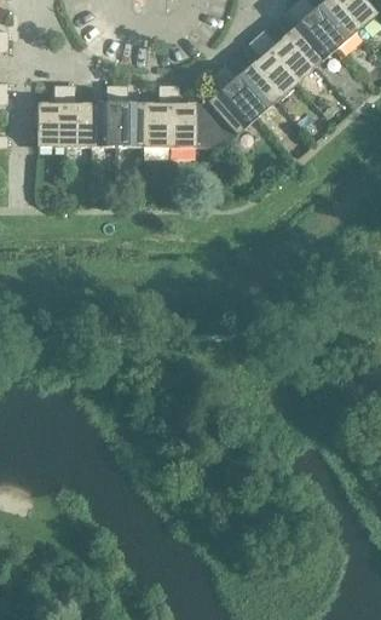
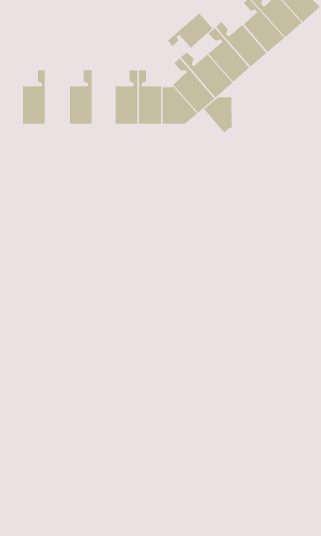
building: none -> [167,12,213,49]
building: [64,85,91,147] -> none
building: [117,85,143,147] -> none
building: none -> [203,96,232,134]

